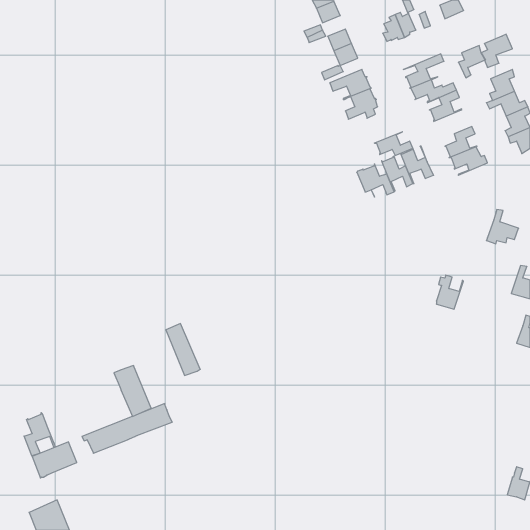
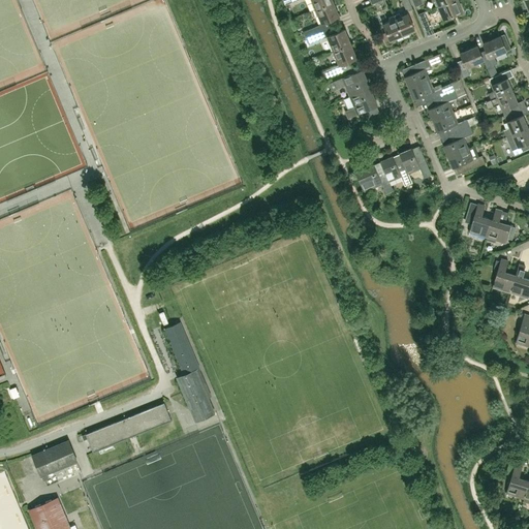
building: [374,132,413,156] -> [432,110,470,133]
building: none -> [464,203,492,237]
building: [436,275,463,309] -> [492,258,519,292]
building: [114,366,151,416] -> [177,370,214,421]
building: [24,413,56,456] -> none

